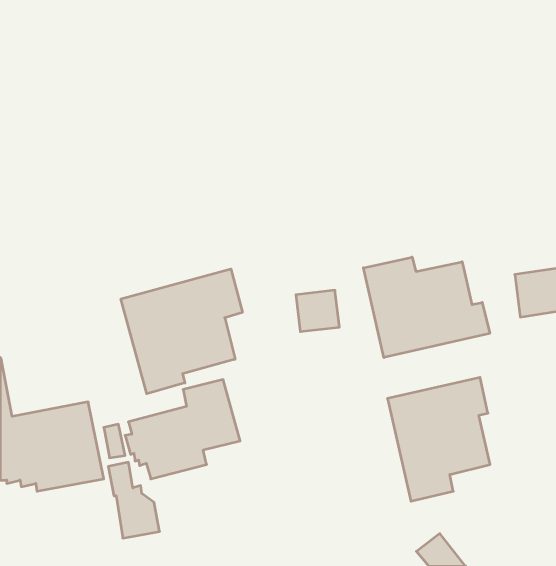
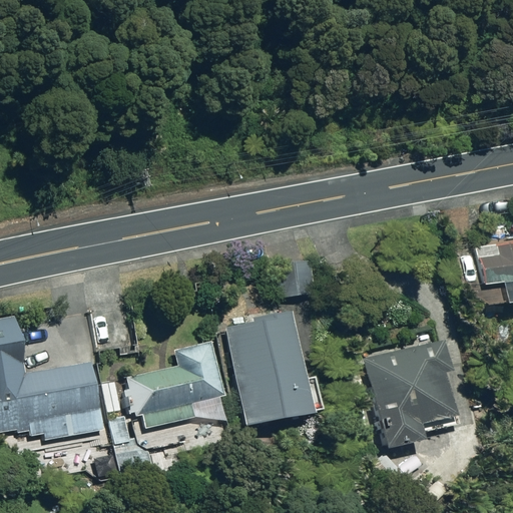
building: [363,257,490,358] -> none
building: [121,269,242,394] -> none
building: none -> [228,312,321,425]

